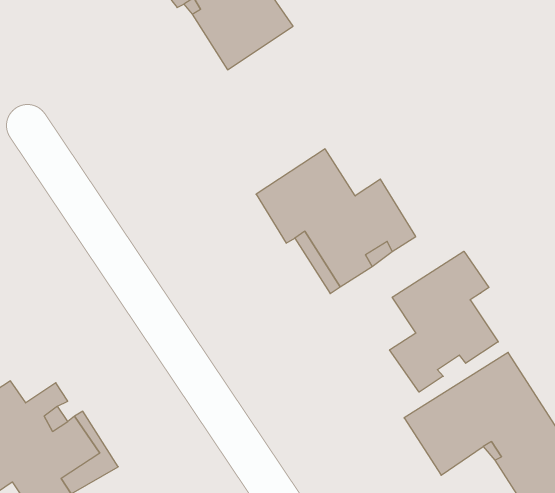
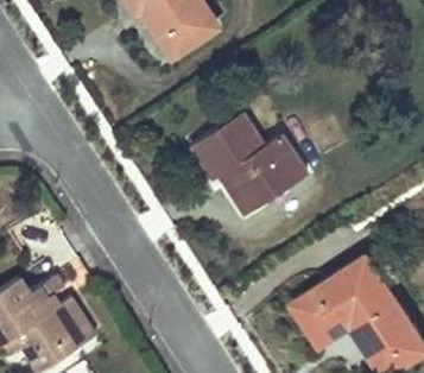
building: [390,251,498,392] -> none

